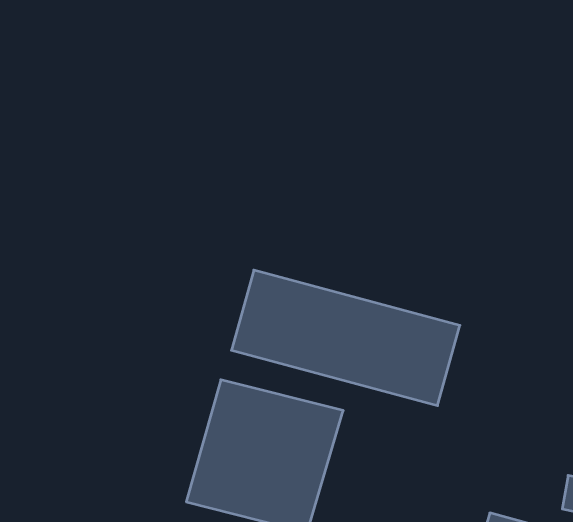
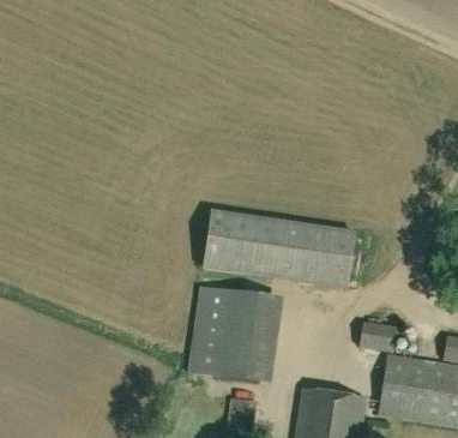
building: none -> [360,322,397,350]

